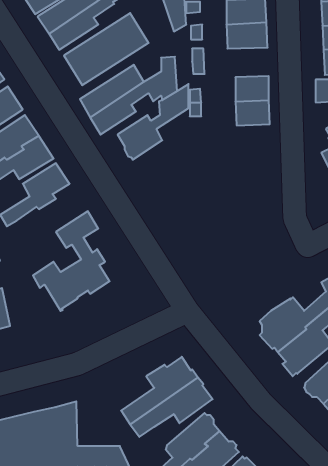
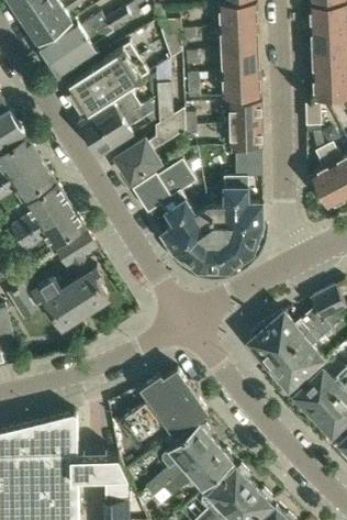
building: none -> [221,74,260,98]
building: none -> [133,152,262,273]
building: none -> [19,204,83,251]

